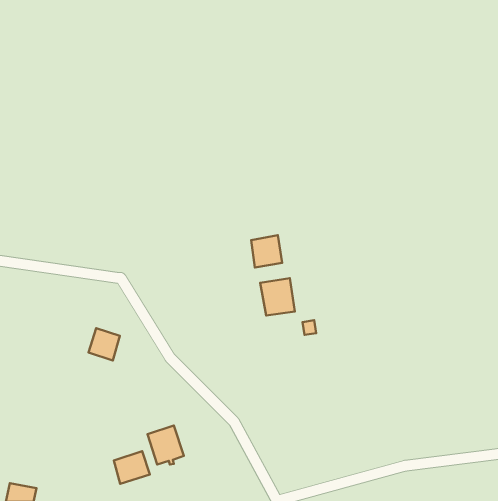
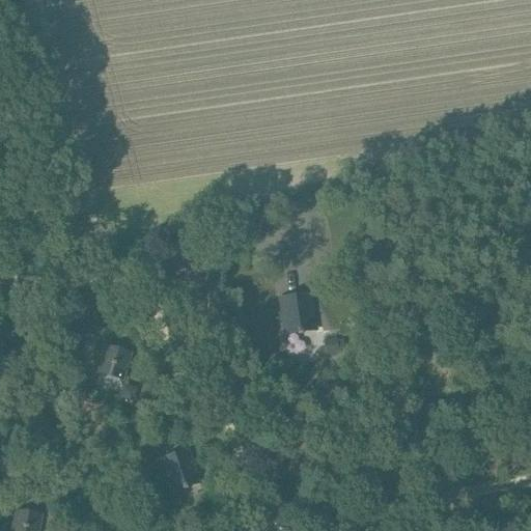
building: [251,235,282,267] -> none
building: [114,451,150,484] -> none

